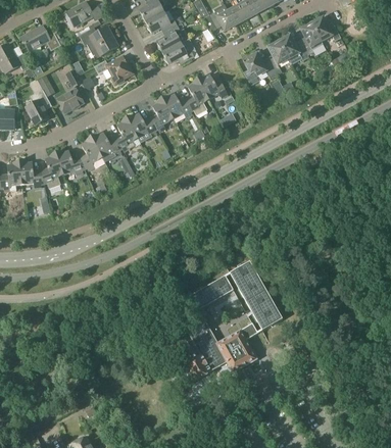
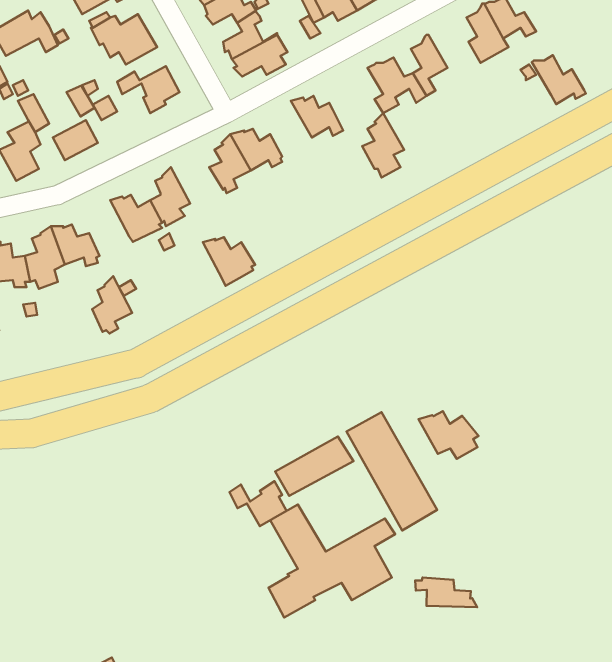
building: [278,35,309,63] -> [532,55,586,104]
building: [185,78,209,115] -> [362,113,404,178]
building: [127,113,157,142] -> [203,237,255,286]
building: [79,136,102,169] -> [92,276,132,334]
building: none -> [418,411,479,459]
building: none -> [229,481,286,526]
building: none -> [415,577,477,607]

